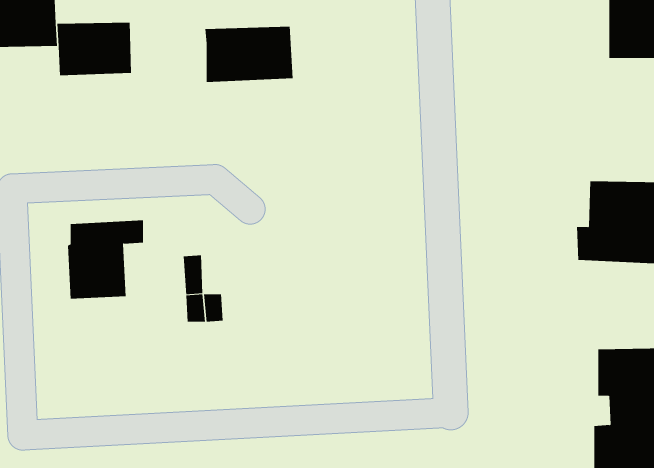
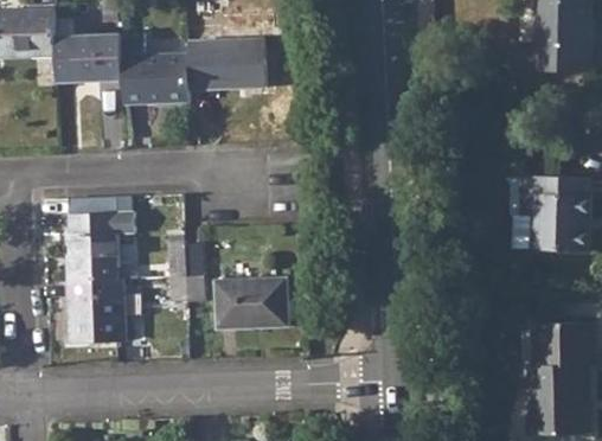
building: none -> [121,34,188,103]
building: none -> [68,277,124,340]
building: none -> [214,279,287,328]

